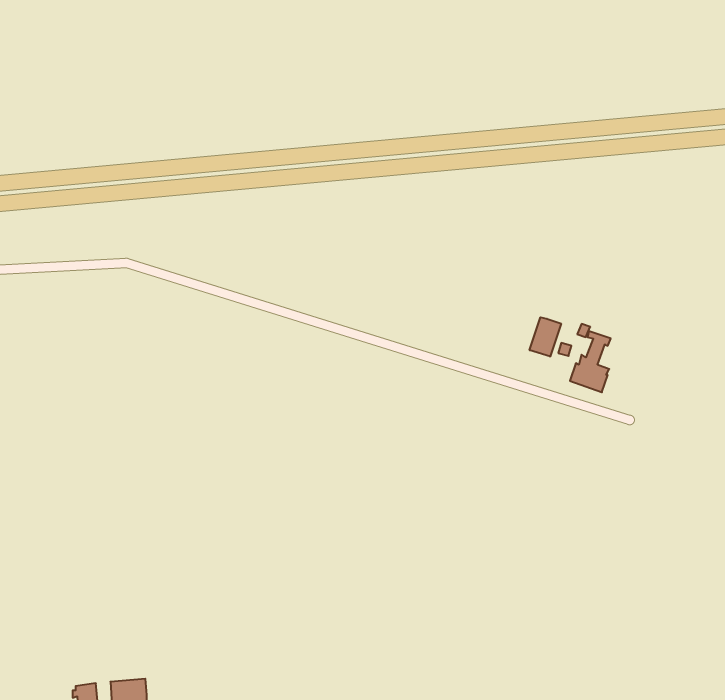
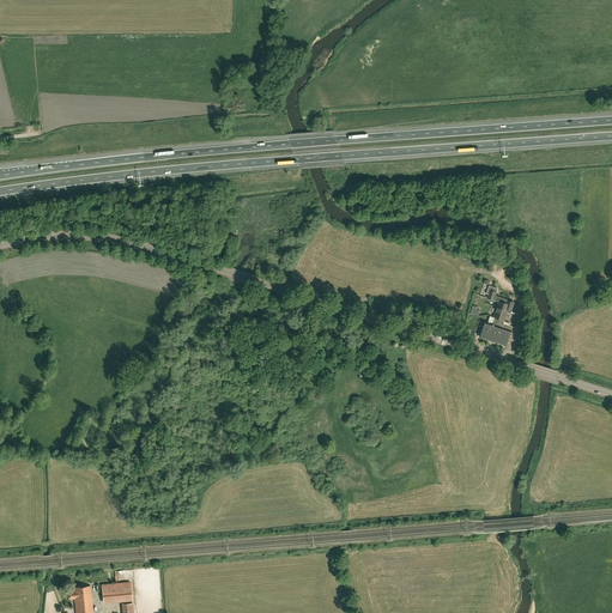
building: [530,317,561,357] -> none

